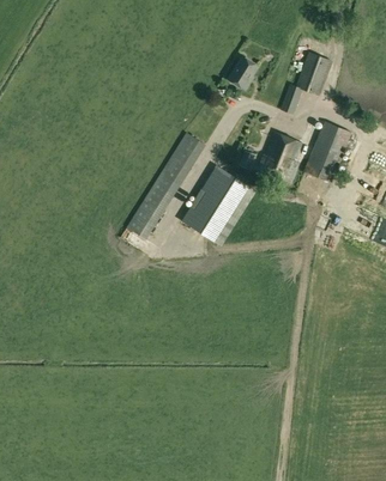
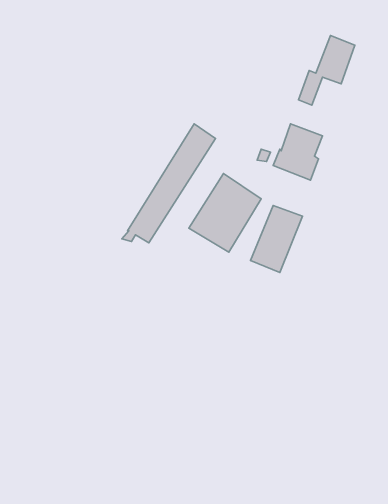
building: [228,55,258,89] -> none
building: [304,121,351,181] -> [250,206,303,272]

